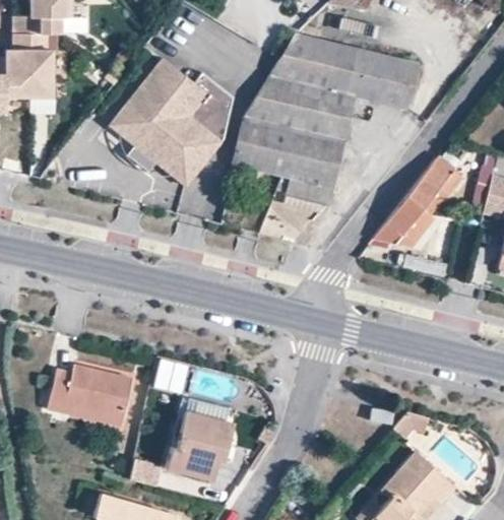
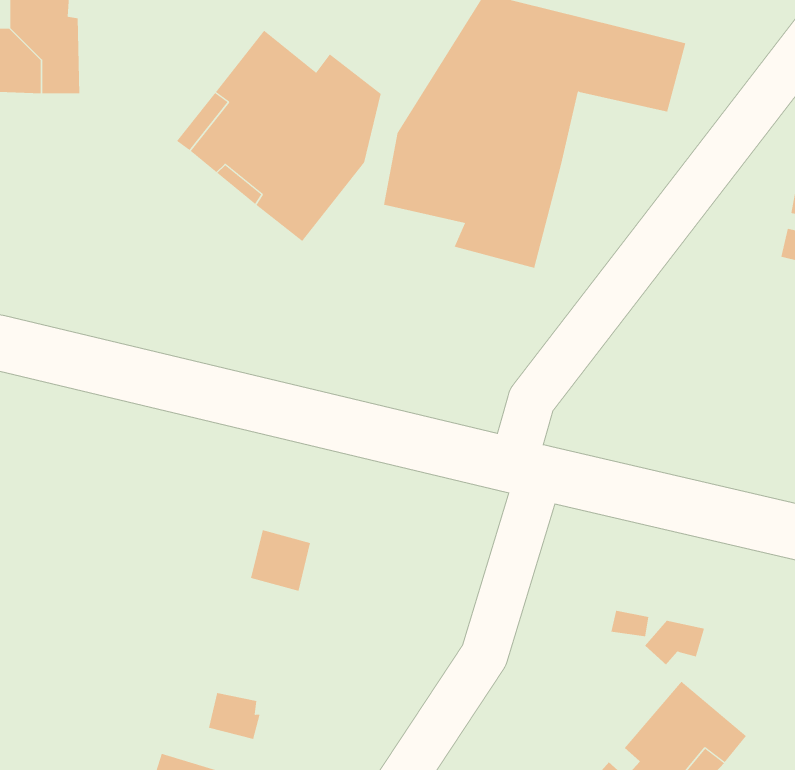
building: [376,161,458,247] -> none
building: [48,365,132,427] -> none
building: [167,411,234,479] -> none

